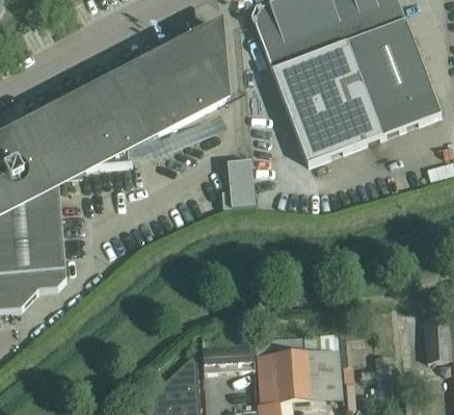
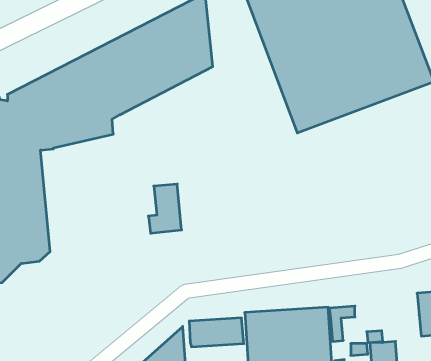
building: [221,159,253,207] -> [148,184,182,233]

